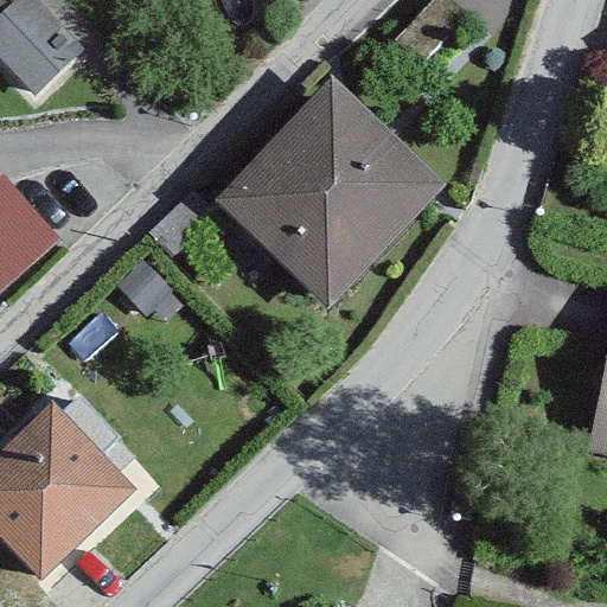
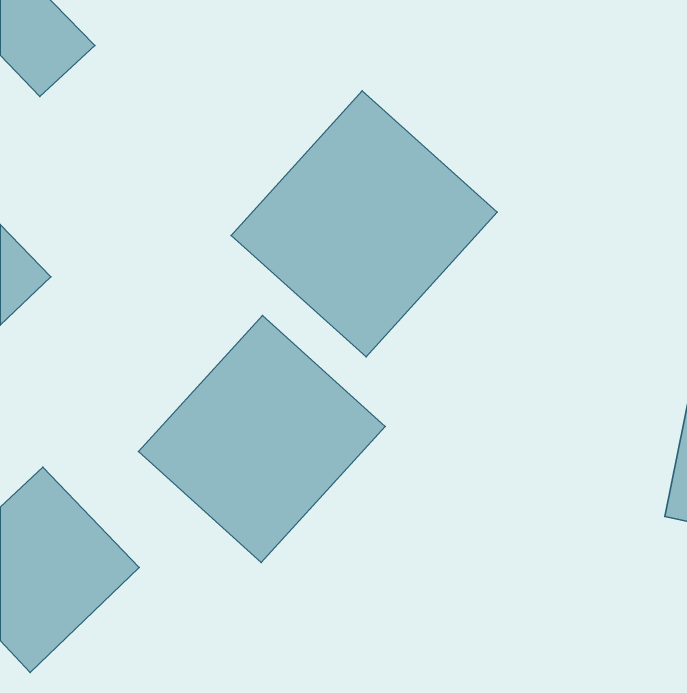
building: none -> [139,315,385,563]

